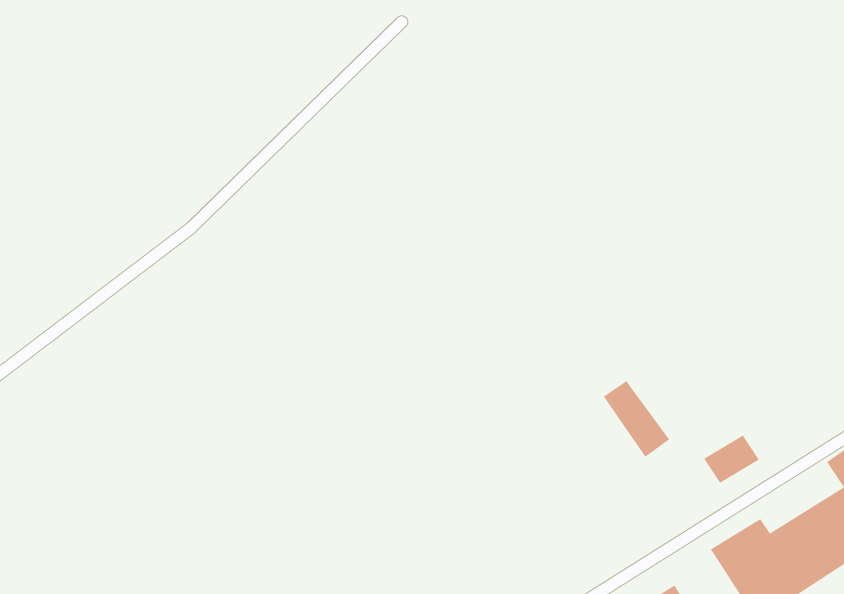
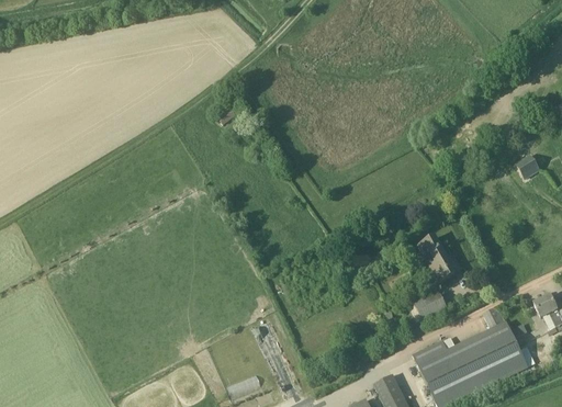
building: [603,380,670,458] -> [423,238,458,283]

